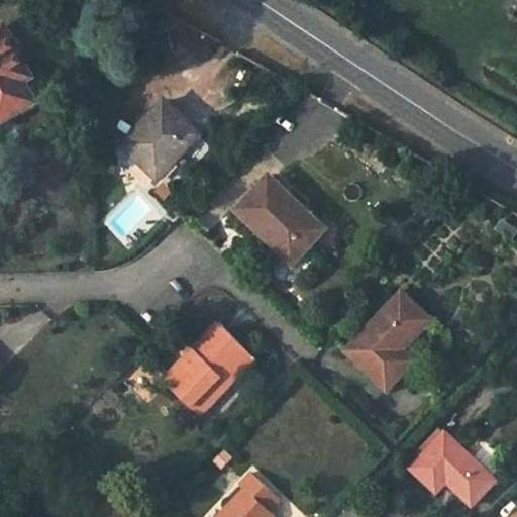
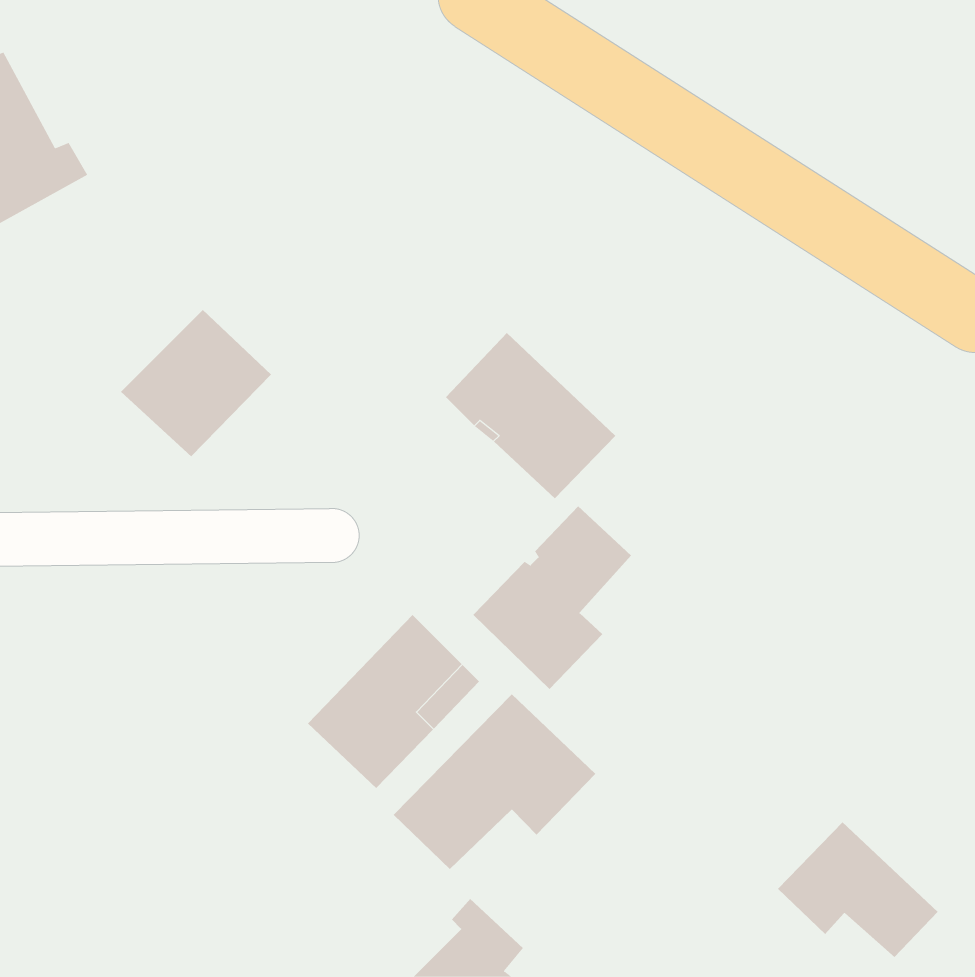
building: [119,100,199,178] -> [120,309,272,457]
building: [344,293,428,390] -> [473,505,632,690]
building: none -> [393,694,596,870]

